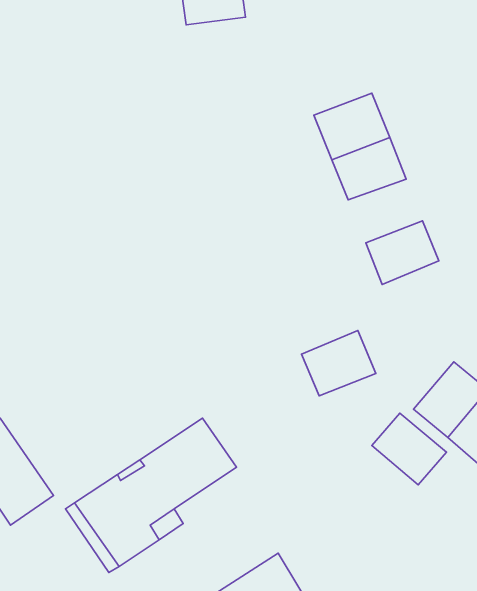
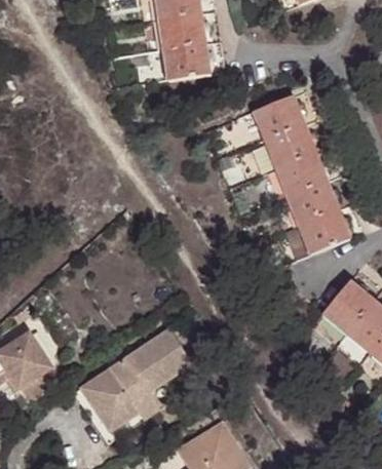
building: none -> [163,45,209,82]
building: none -> [275,157,327,201]
building: [301,330,376,396] -> [299,213,350,259]
building: [372,413,447,485] -> none

